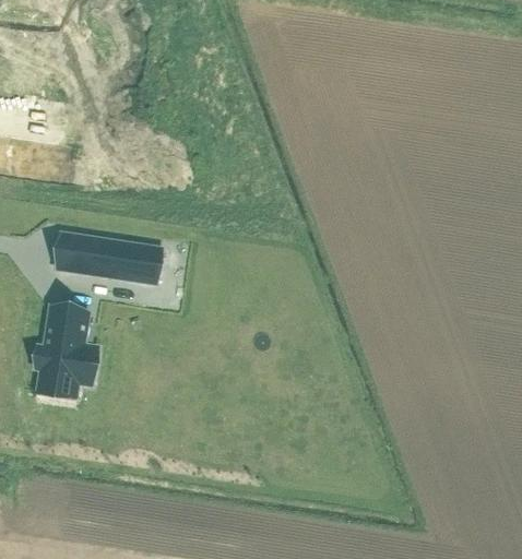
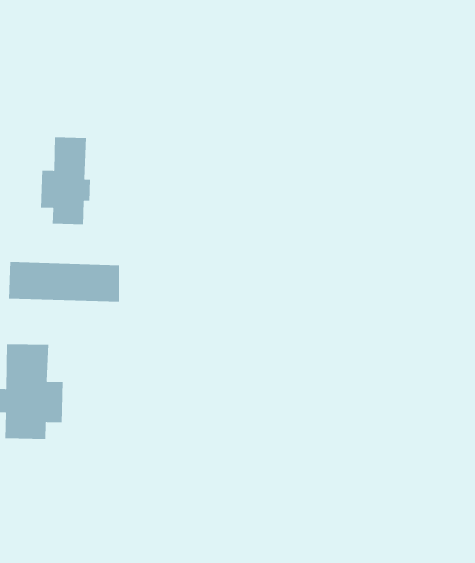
building: none -> [40,136,91,225]

